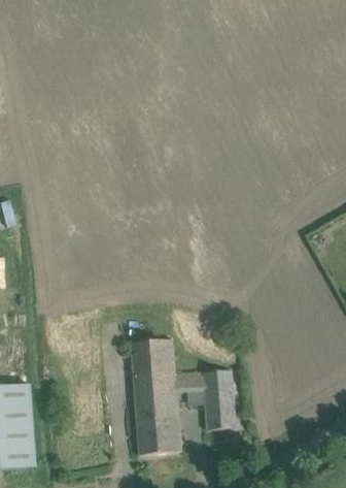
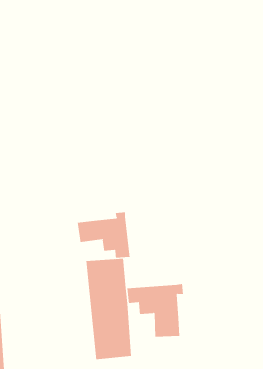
building: none -> [77,212,130,259]

